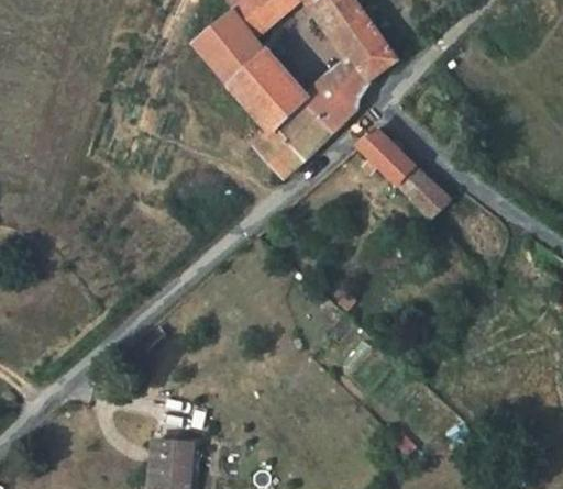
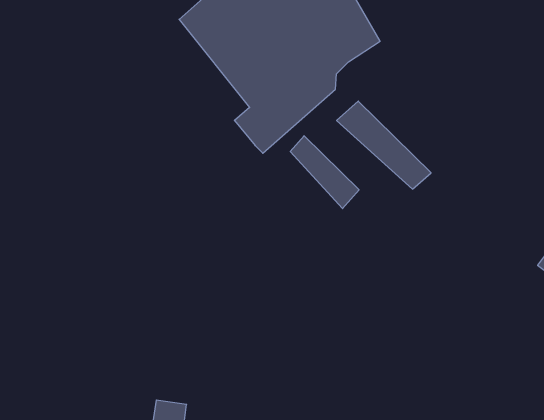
building: none -> [290,136,359,209]

